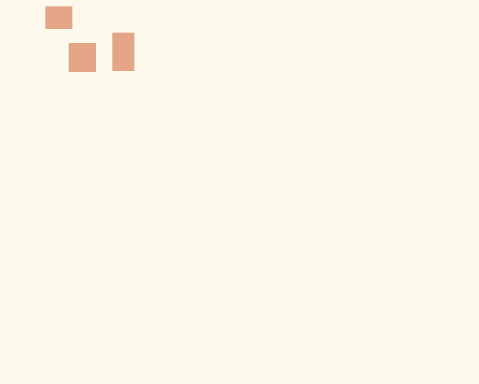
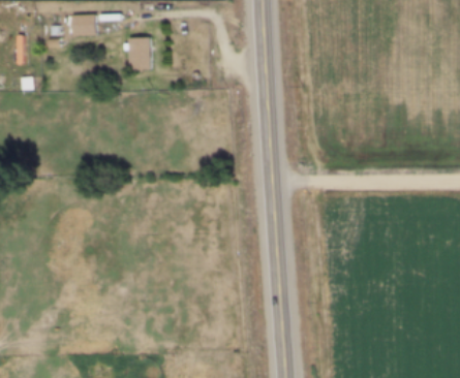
building: [68,42,96,73] -> none

